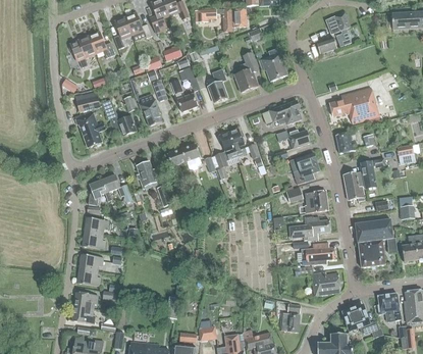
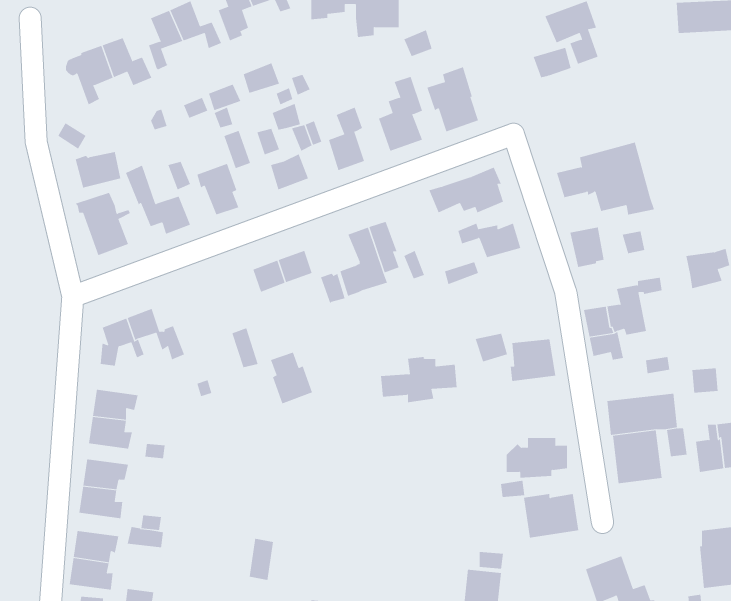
building: [289,152,319,184] -> none
building: [137,161,159,189] -> [270,352,313,404]
building: [289,216,330,241] -> [380,356,457,403]
building: [377,293,401,321] -> none

